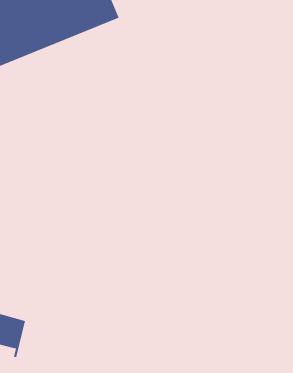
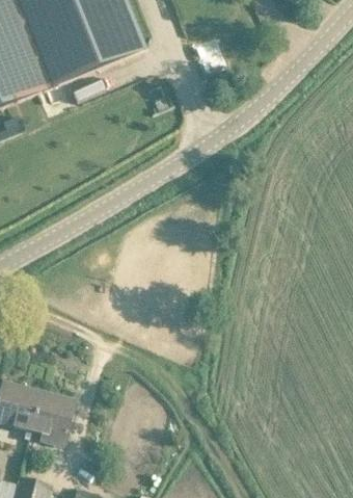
building: none -> [30,390,77,443]

